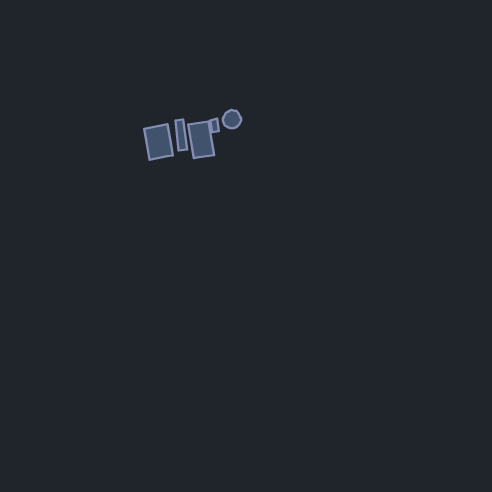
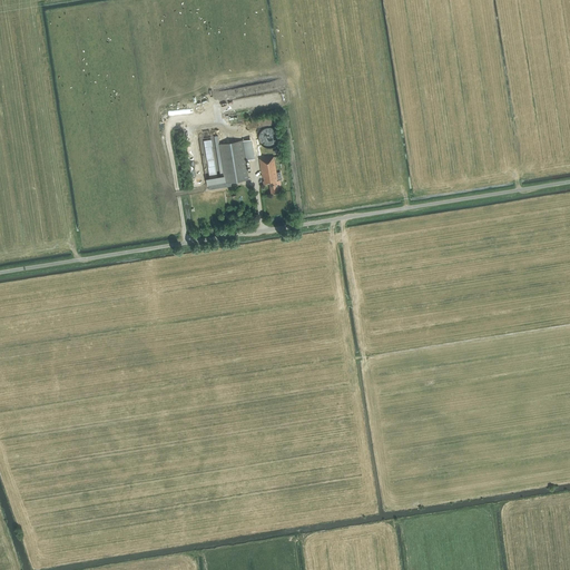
building: [144,124,173,160] -> none
building: none -> [257,157,279,194]

